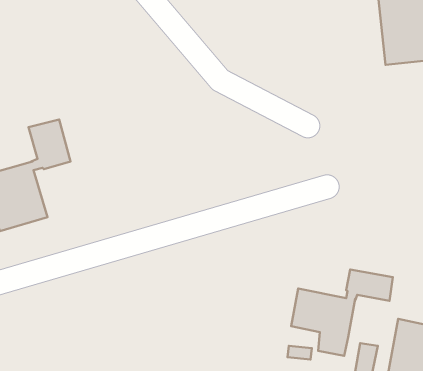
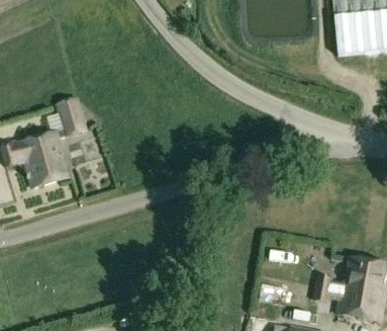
building: [291,270,393,356] -> none

